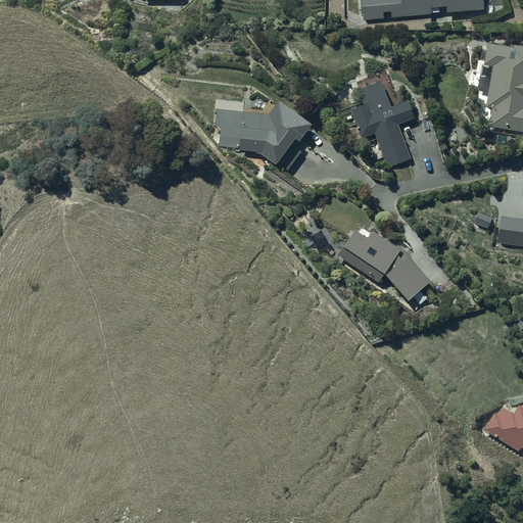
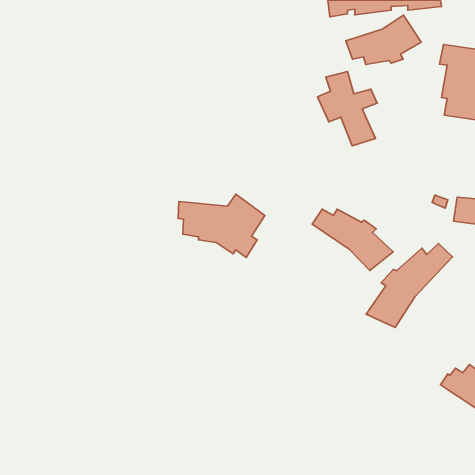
building: none -> [346,15,421,65]
building: [215,101,310,171] -> [178,194,265,257]
building: none -> [366,243,452,328]

